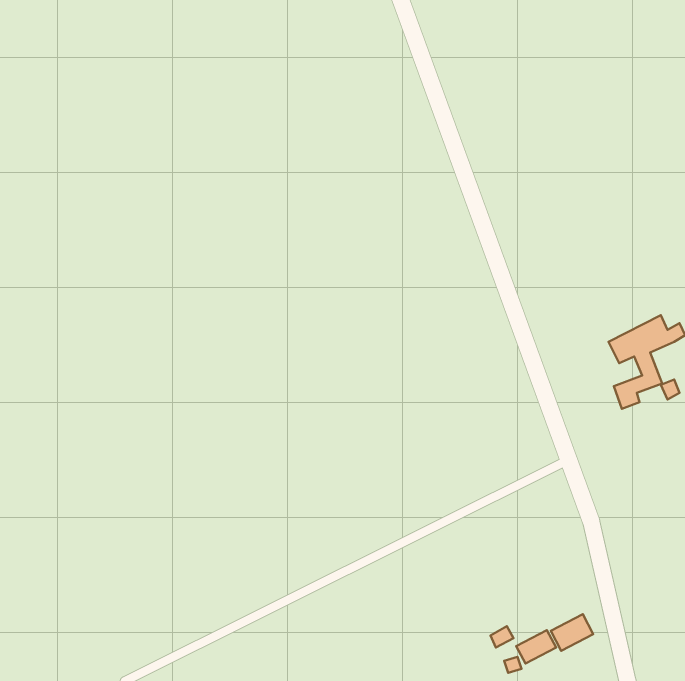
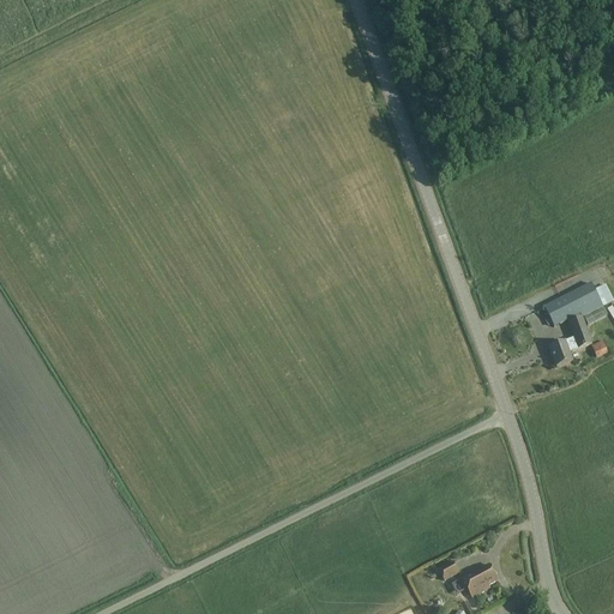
building: [551,614,593,651] -> none

